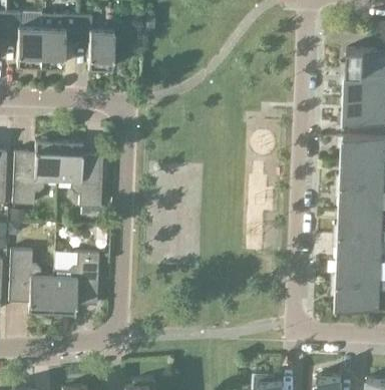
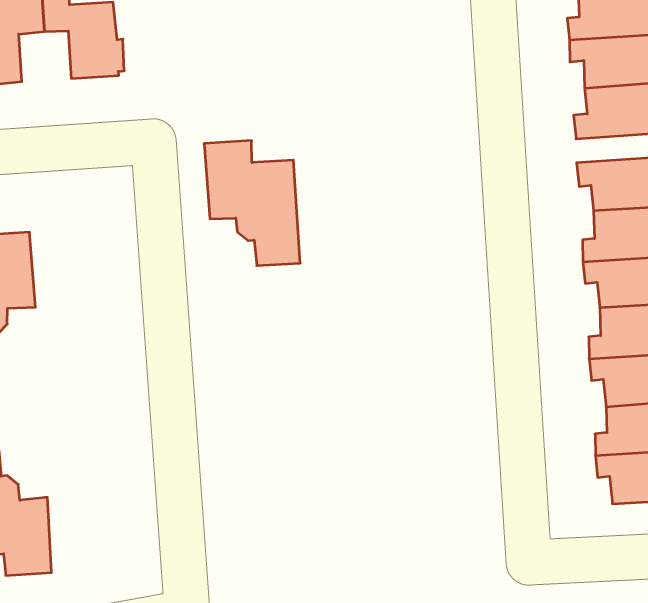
building: [58,141,103,207] -> [204,141,300,266]
building: [52,252,99,315] -> none

